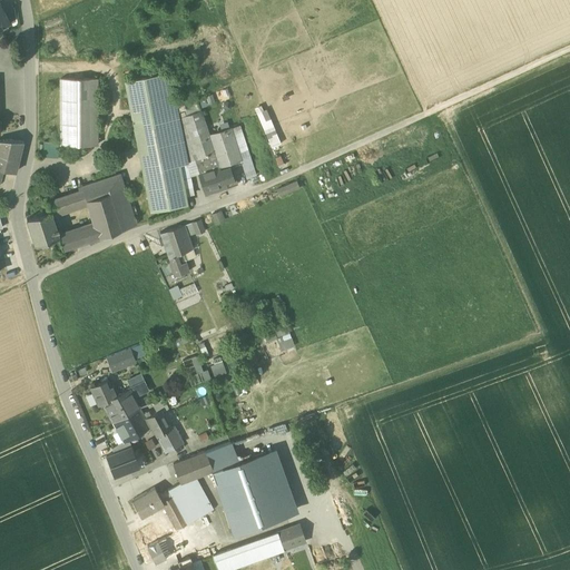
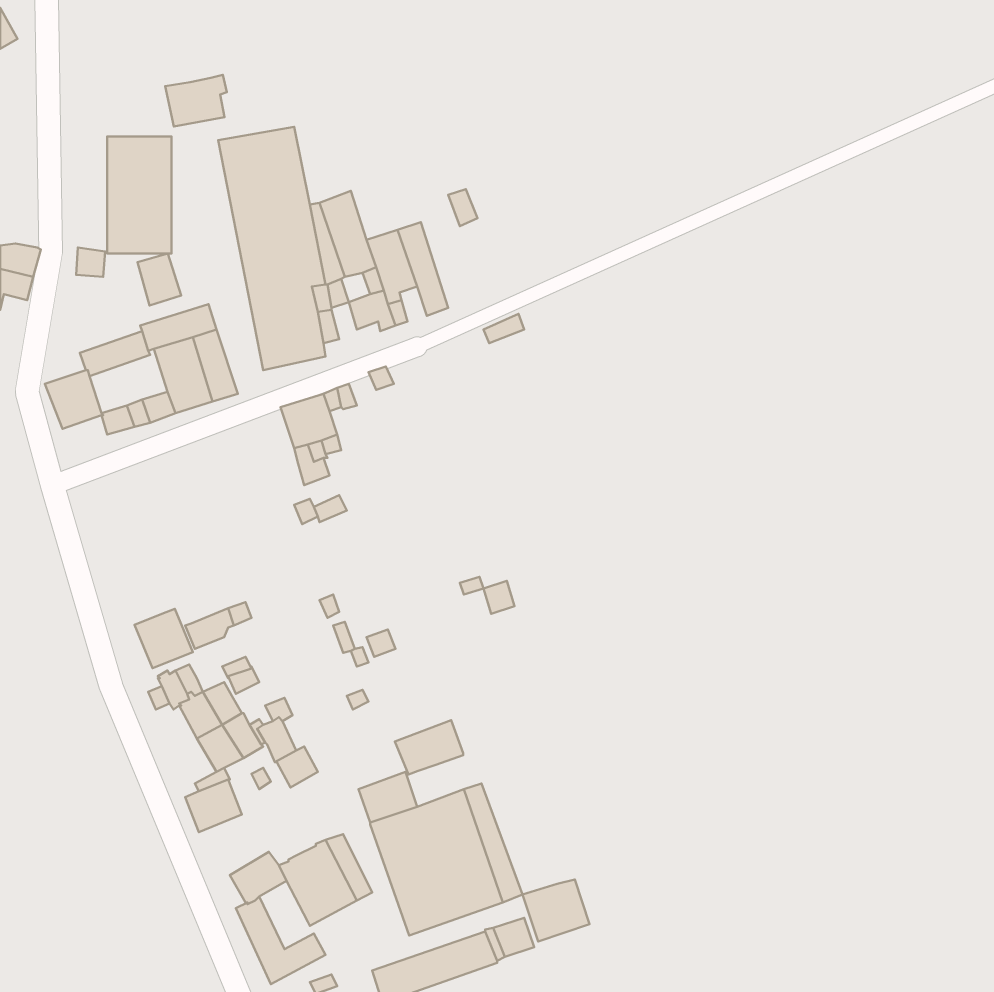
building: none -> [165,75,227,126]
building: none -> [138,253,181,305]
building: none -> [134,609,193,668]
building: [174,453,213,484] -> [395,720,463,775]
building: none -> [522,879,590,941]

